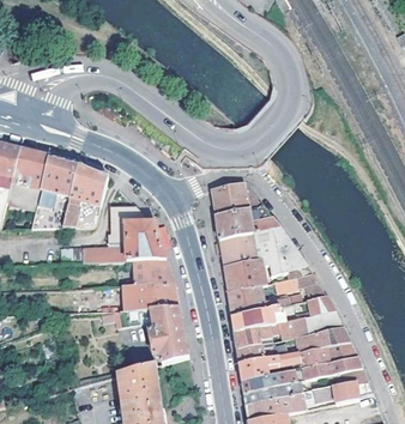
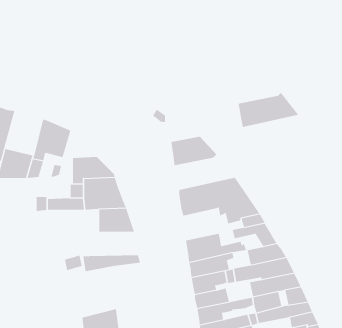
building: [38,157,78,204] -> none
building: [216,202,280,240] -> [238,92,299,127]
building: [223,259,267,292] -> none
building: [126,283,179,309] -> none
building: [151,316,189,364] -> none

